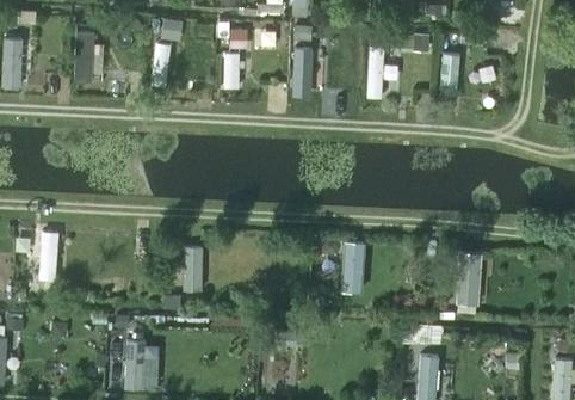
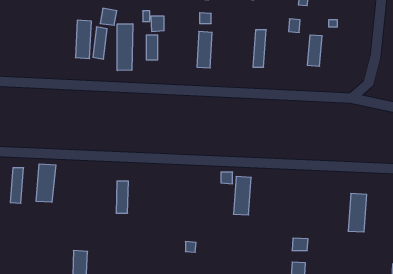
building: [73,30,94,81] -> [75,20,91,59]
building: none -> [117,24,133,71]
building: none -> [36,164,56,202]
building: [456,251,481,302] -> [348,194,367,232]

